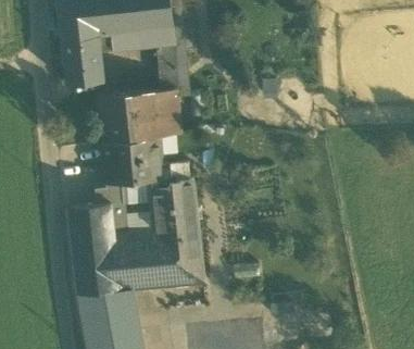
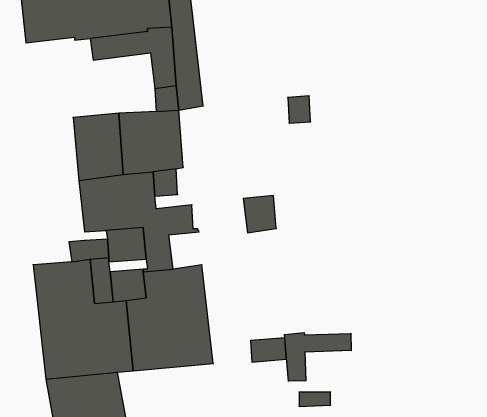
building: [62,35,104,85] -> none
building: [171,183,196,211] -> [243,196,276,233]
building: none -> [285,333,351,381]

